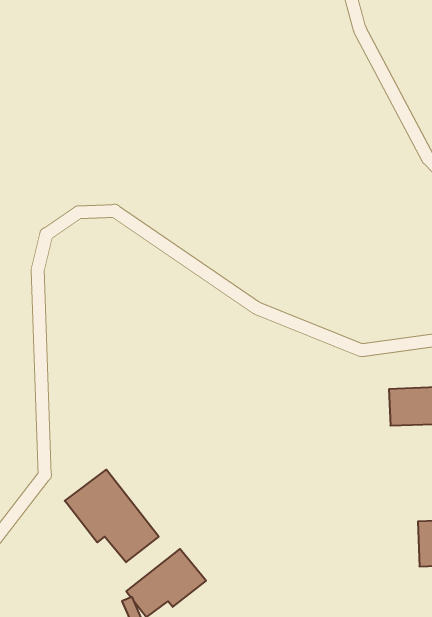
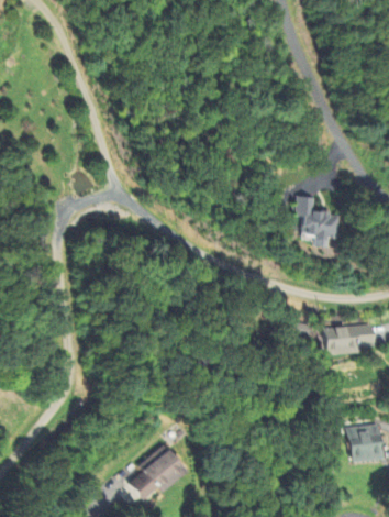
building: none -> [297,195,333,248]
building: [65,470,159,562] -> none

